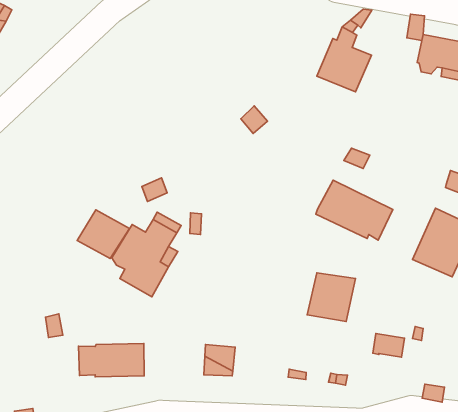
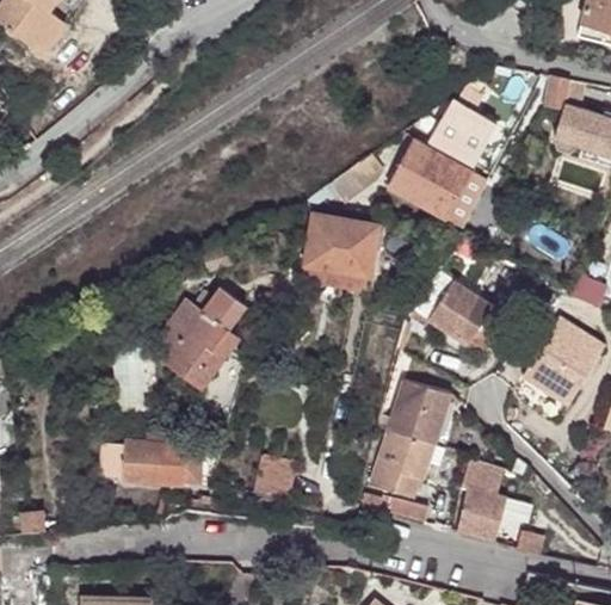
building: none -> [388,141,471,218]
building: none -> [304,214,378,290]
building: [77,210,130,259] -> none
building: none -> [371,431,434,495]
building: none -> [459,487,505,541]

